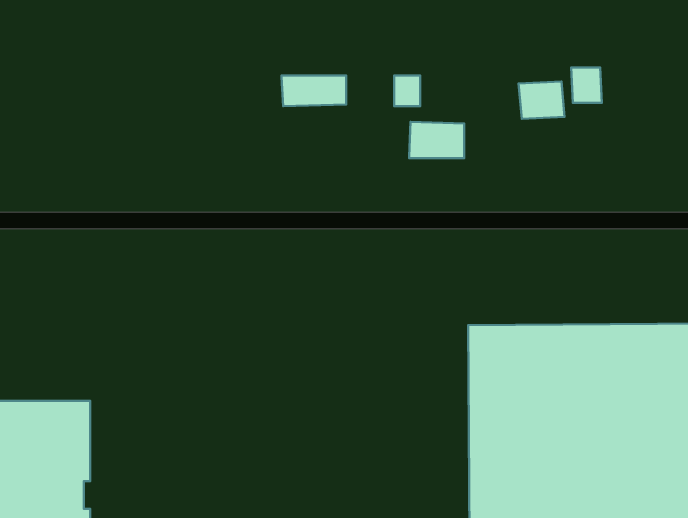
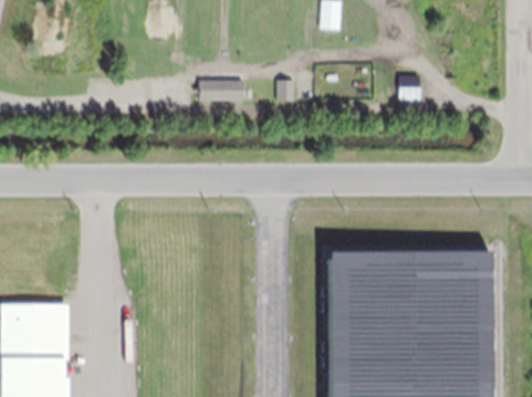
building: [519,81,565,119] -> none
building: [409,122,464,158] -> none

